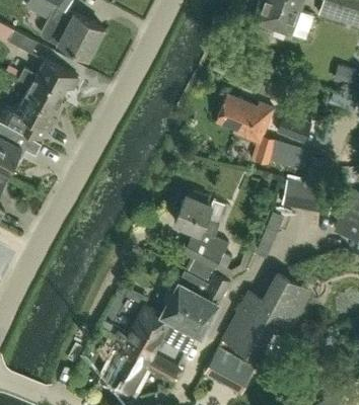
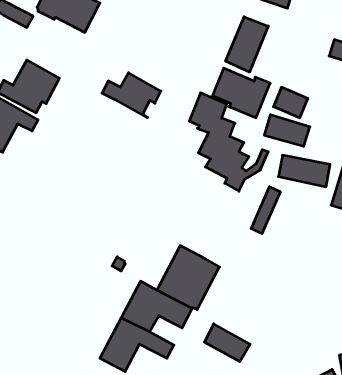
building: none -> [226,17,268,72]
building: [18,60,77,104] -> [102,73,161,117]
building: [173,194,253,293] -> [189,93,268,191]
building: [226,276,307,355] -> none

